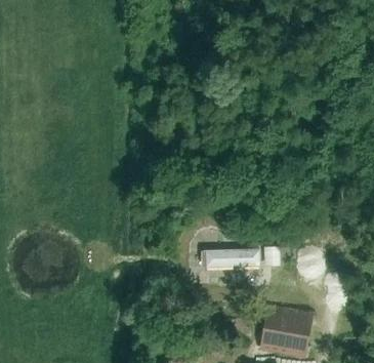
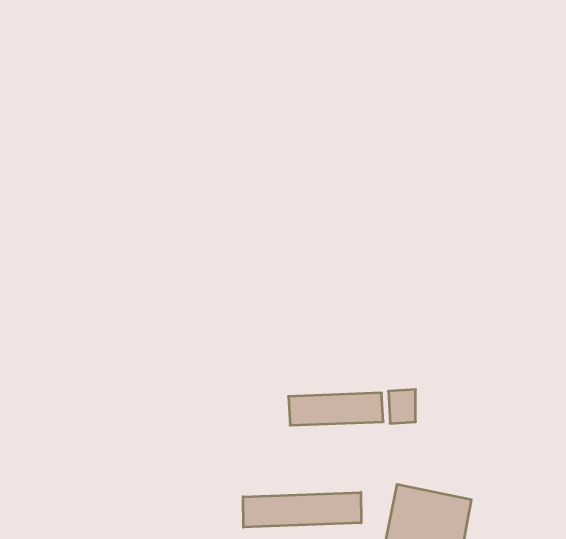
building: none -> [243,492,361,527]

